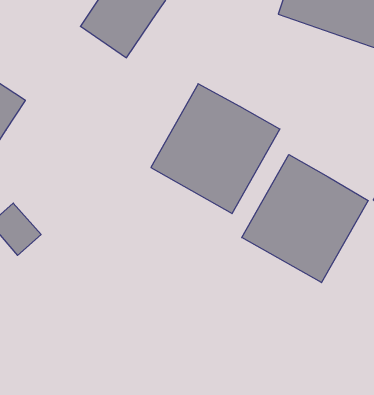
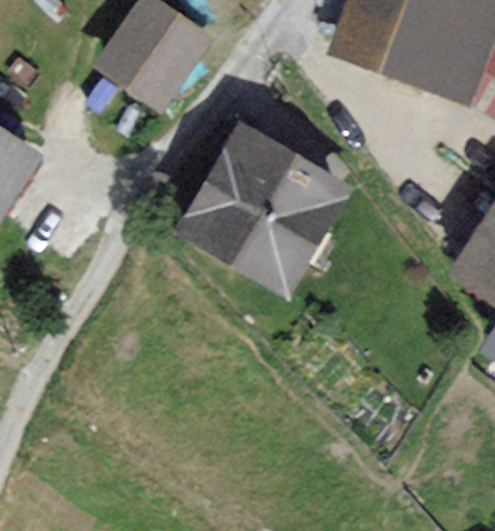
building: [242,155,368,283] -> none

